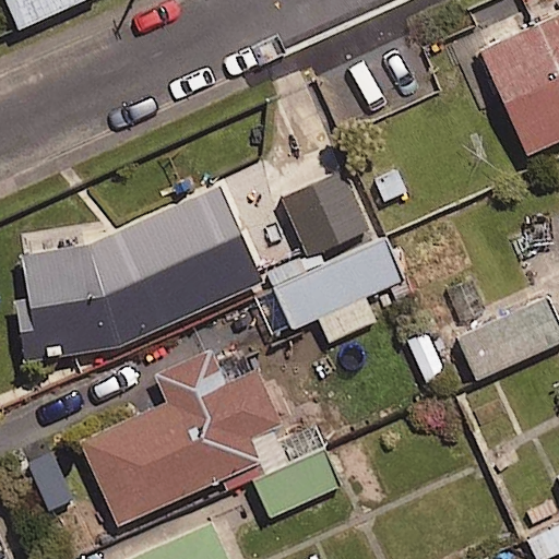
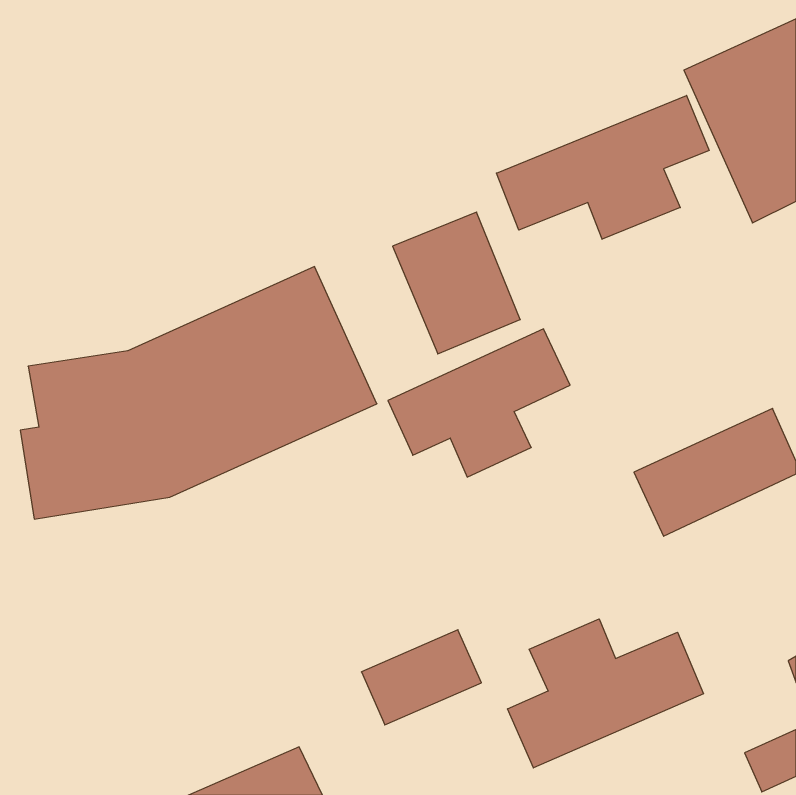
building: none -> [496,95,709,239]
building: [80,350,281,527] -> none
building: none -> [508,619,703,768]

